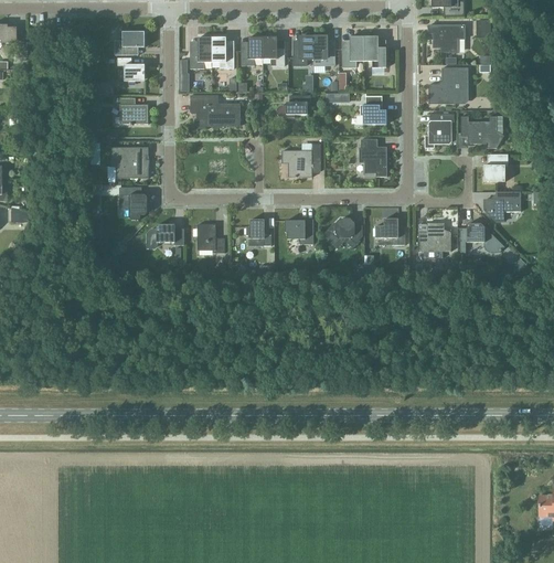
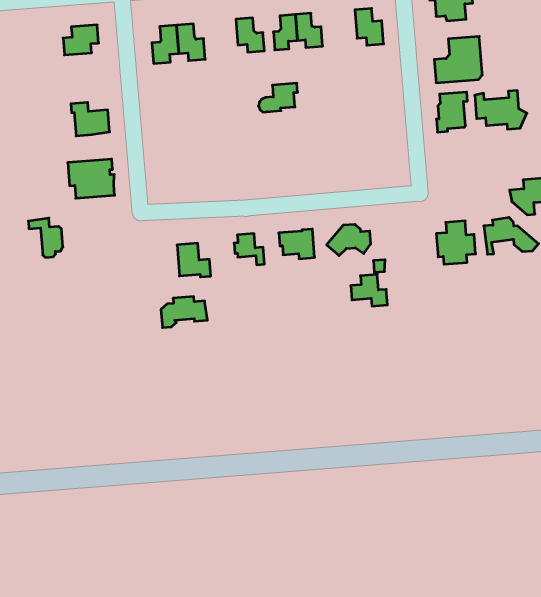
building: [241,35,263,65] -> none
building: [342,35,364,67] -> none
building: [117,57,145,81] -> none
building: [190,94,239,127] -> none
building: [360,95,386,124] -> none
building: [359,138,386,176] -> none
building: [281,142,320,177] -> none
building: [483,153,508,180] -> none
building: [119,185,147,219] -> [28,218,63,257]
building: [375,217,405,244] -> [351,274,387,306]
building: [146,223,184,247] -> [161,297,207,328]

